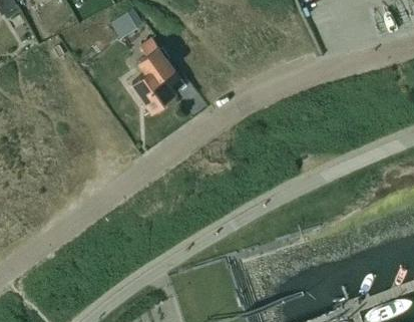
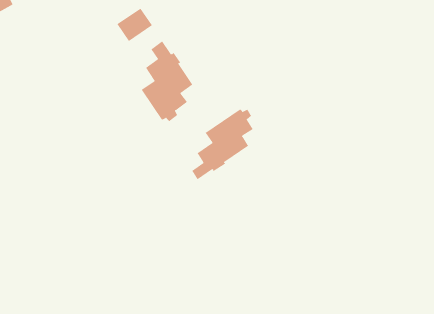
building: none -> [192,109,253,180]

